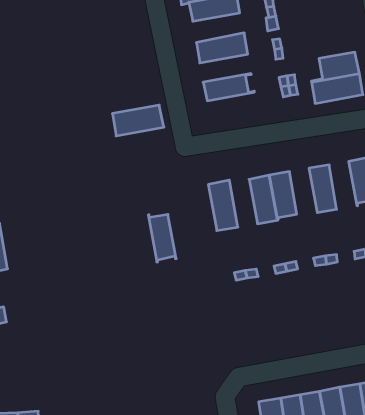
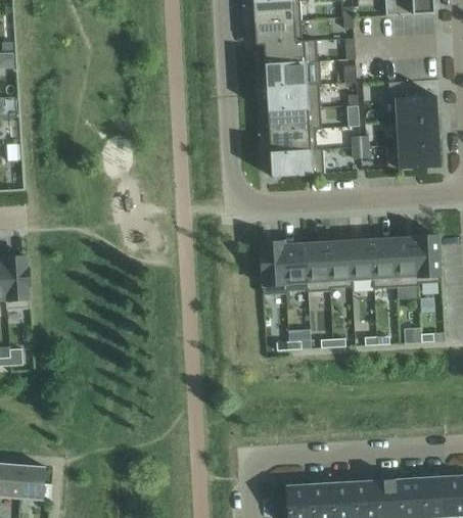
building: none -> [265,61,319,88]
building: none -> [387,81,436,122]
building: none -> [267,107,321,132]
building: [112,105,164,136] -> [270,149,324,177]
building: none -> [393,237,418,287]
building: none -> [350,239,374,288]
building: [148,214,176,262] -> [283,241,308,293]

